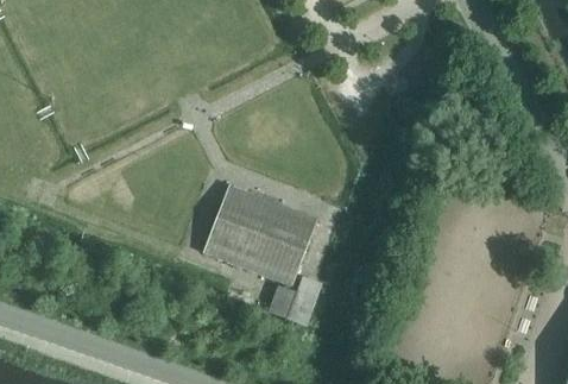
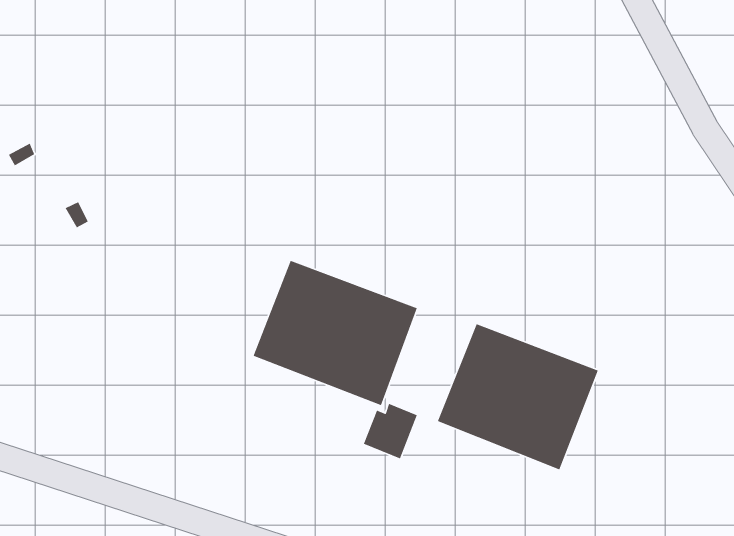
building: none -> [437,323,599,470]

